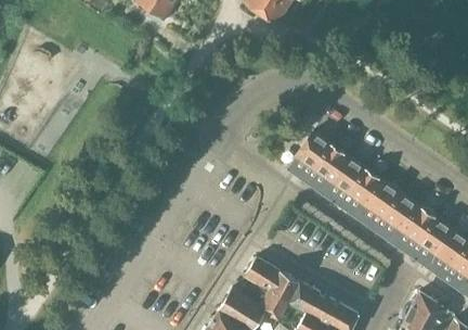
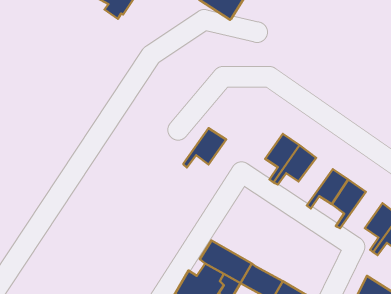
building: [286,132,330,174] -> [184,128,226,168]
building: [347,169,382,219] -> none
building: [390,205,434,246] -> none

